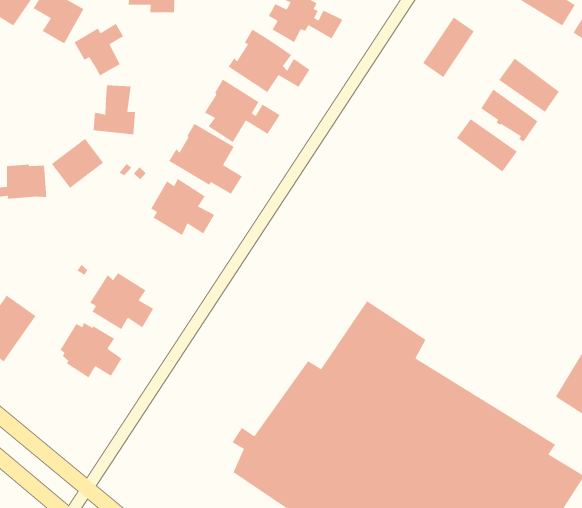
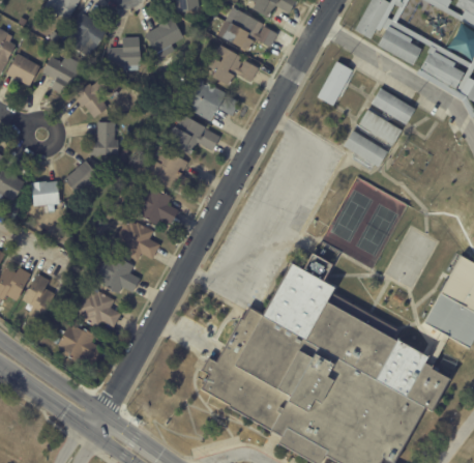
building: none -> [115,221,160,261]
building: none -> [58,326,100,366]

